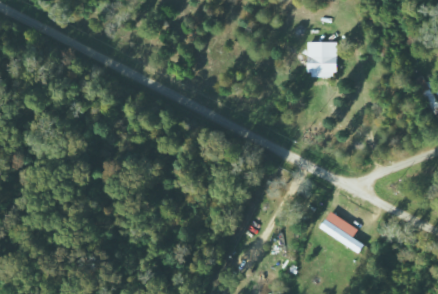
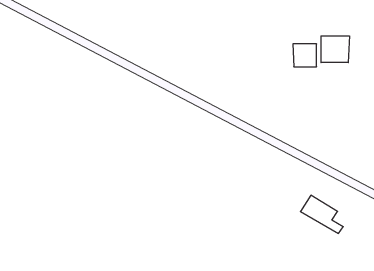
building: none -> [321,36,349,63]

